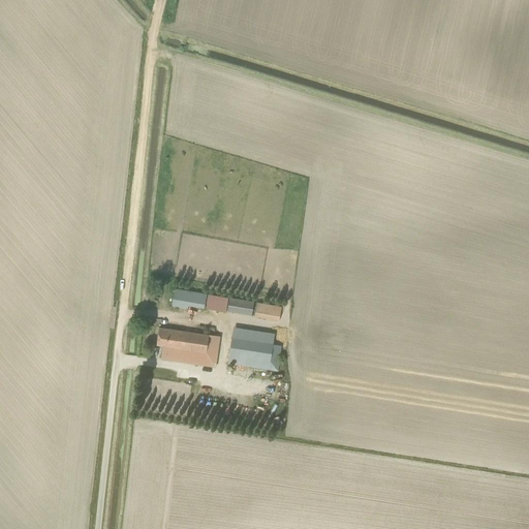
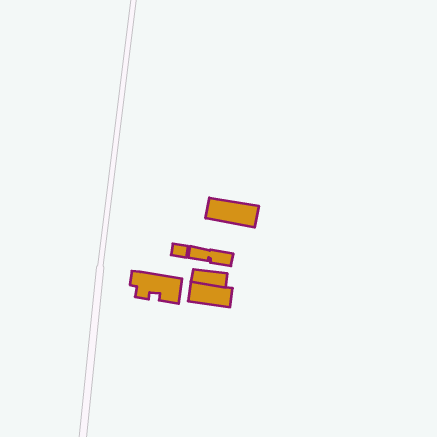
building: none -> [206,198,259,227]
building: [172,288,207,309] -> none

